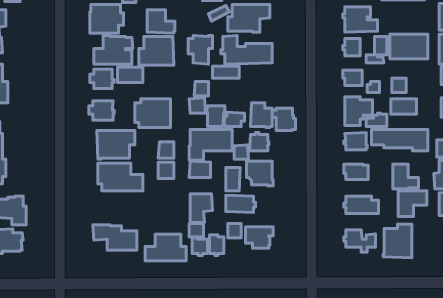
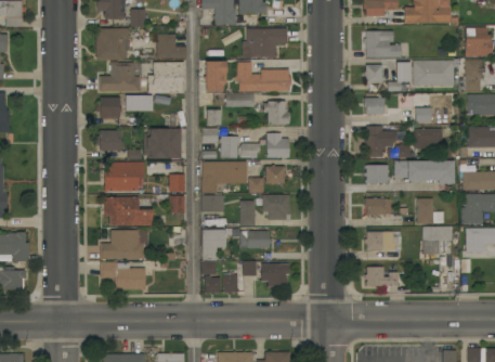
building: [272,108,296,131] -> [264,102,289,126]
building: [383,224,412,258] -> none
building: [145,234,186,261] -> [101,231,144,259]

